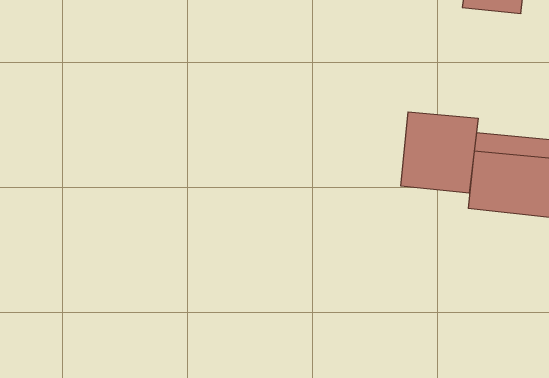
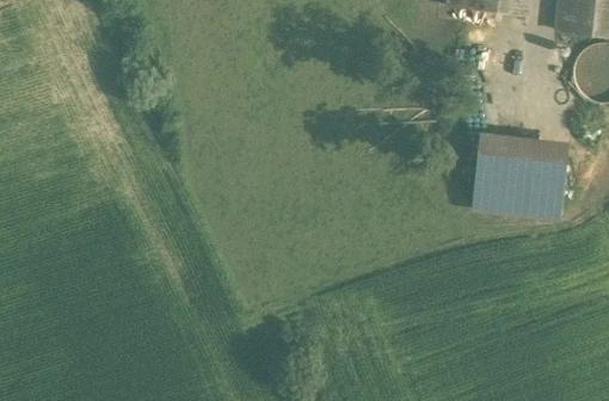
building: [401,112,478,193] -> none

